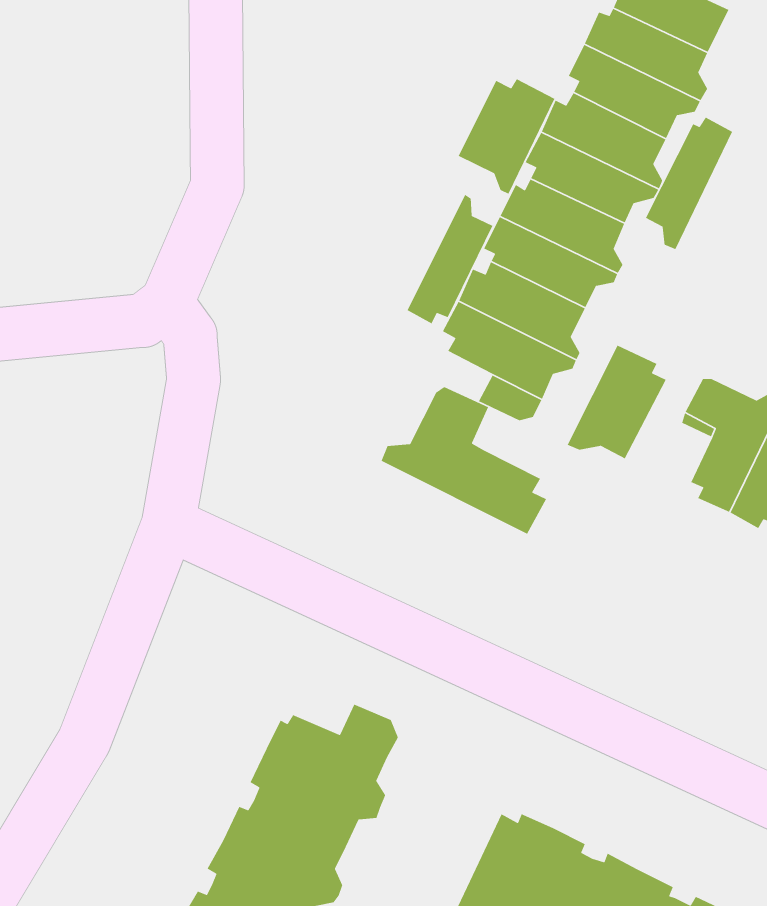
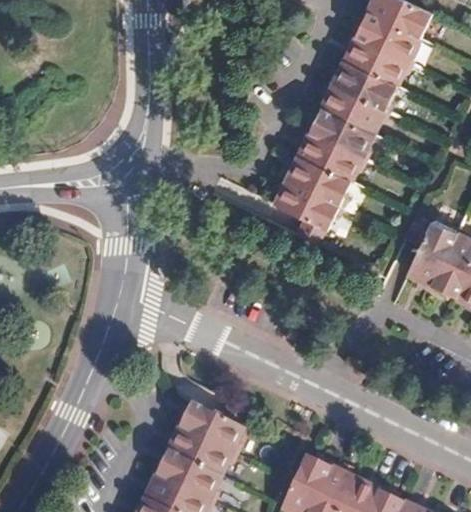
building: [458,78,556,195] -> none
building: [645,116,733,250] -> none
building: [406,194,493,324] -> none
building: [567,344,667,459] -> none
building: [380,386,547,535] -> none

